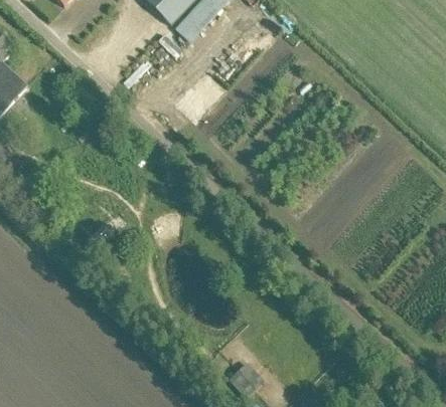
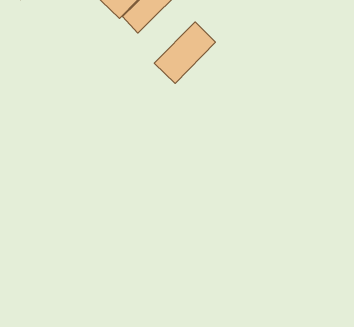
building: none -> [154,22,215,83]

